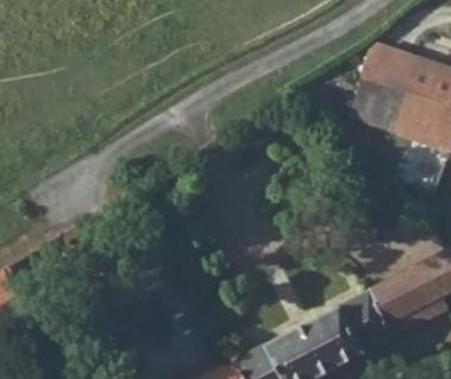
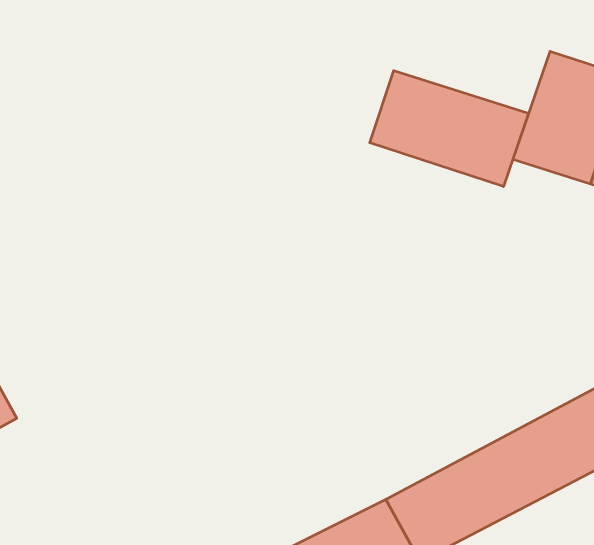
building: none -> [370,71,529,187]

